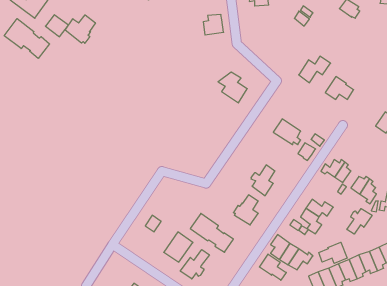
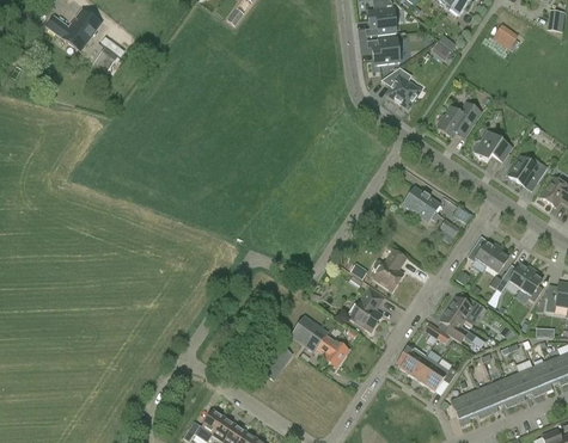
building: [203,15,224,35] -> [373,37,401,64]
building: [65,15,95,43] -> none
building: [4,19,50,58] -> none
building: [218,72,247,103] -> [381,67,421,109]
building: none -> [508,155,548,185]
building: [347,209,372,234] -> none
building: [319,242,347,263] -> none
building: [180,250,209,279] -> none
building: [259,254,286,280] -> none

